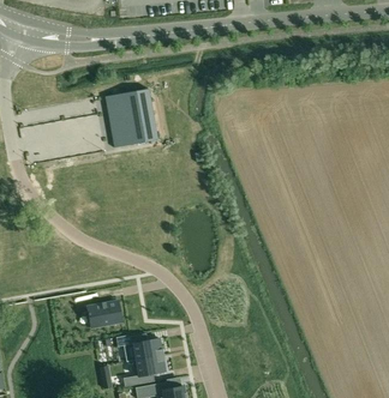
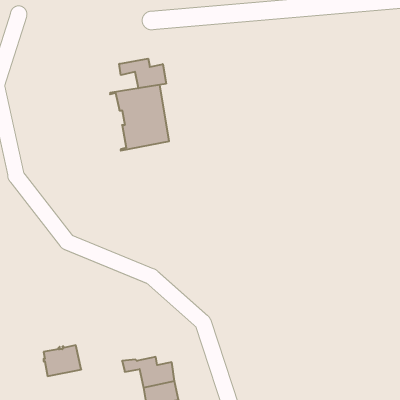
building: none -> [119,59,166,88]
building: [88,300,121,327] -> [44,345,81,376]

